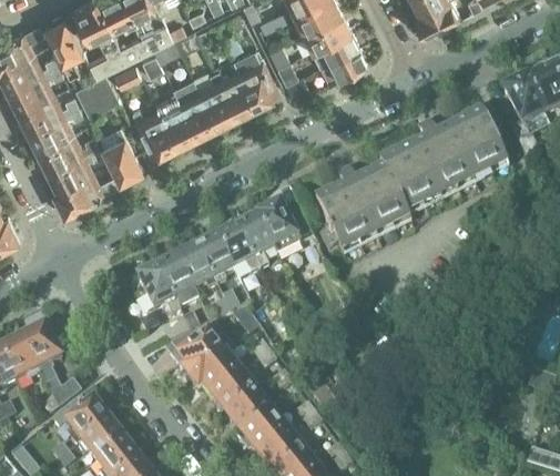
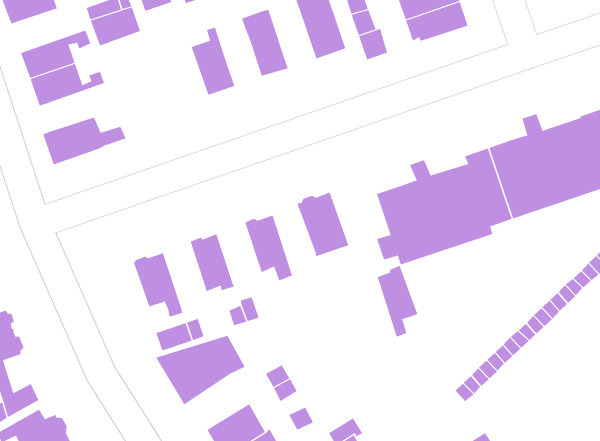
building: [215,70,256,115] -> none
building: [174,78,216,134] -> none
building: [20,93,78,131] -> none
building: [134,107,177,155] -> none
building: [101,126,143,179] -> none
building: [50,145,103,189] -> none
building: [240,217,275,273] -> [377,265,418,337]
building: [198,237,236,287] -> none
building: [160,257,200,310] -> none
building: [191,352,244,399] -> none

